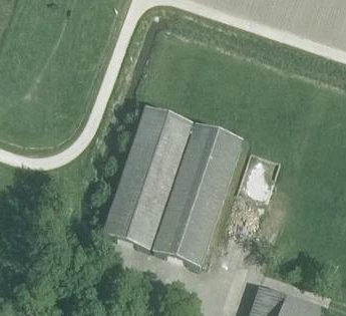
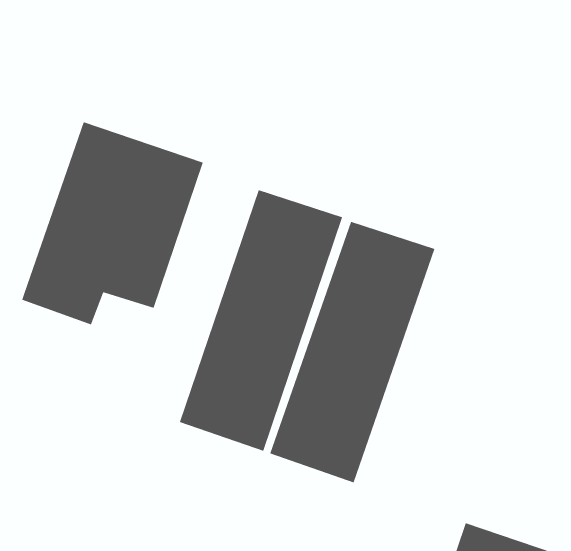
building: none -> [21,121,204,325]

